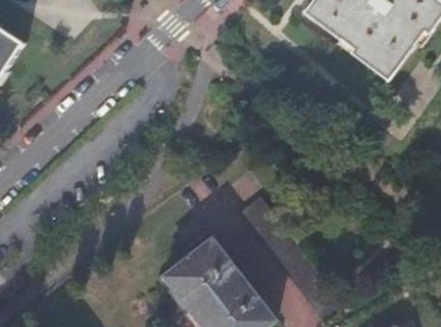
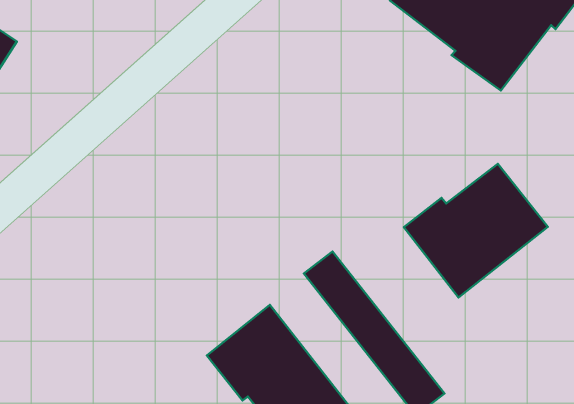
building: none -> [404,164,548,297]

